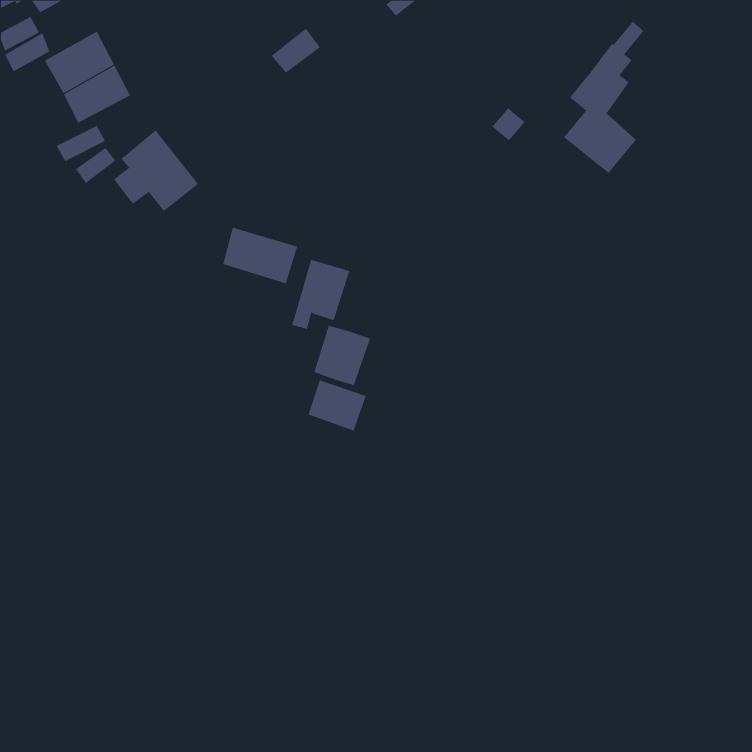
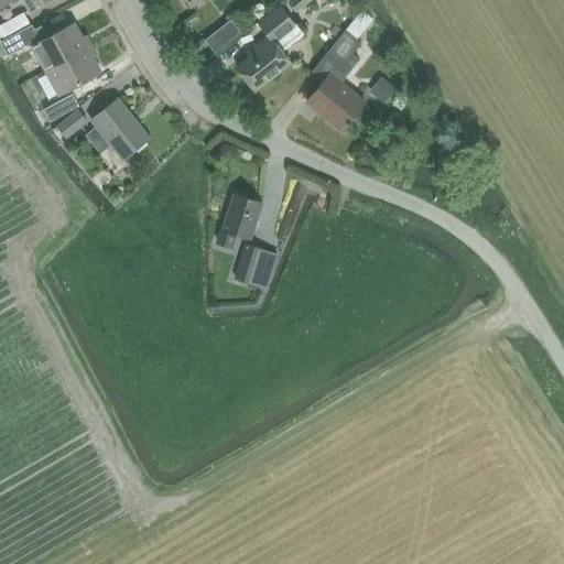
building: none -> [239,7,301,89]
building: [563,21,644,174] -> [308,13,369,128]
building: [223,227,298,284] -> none
building: [308,379,367,432] -> none

